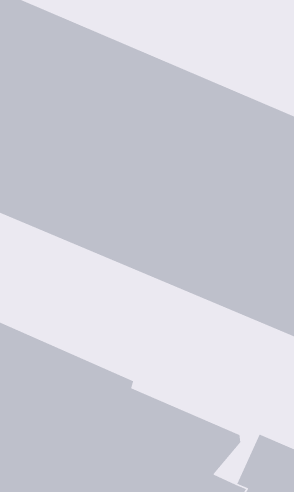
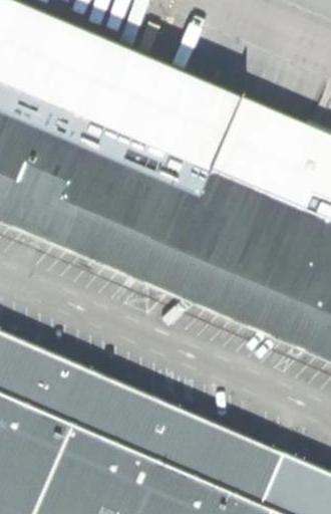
building: none -> [156,400,285,504]

